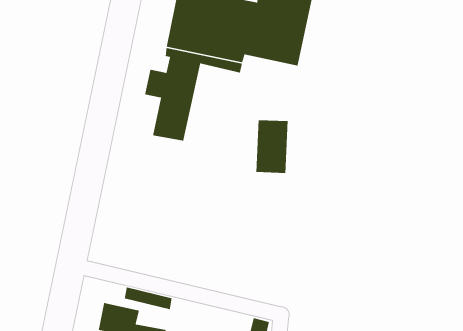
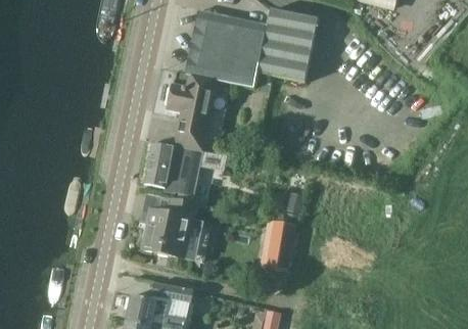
building: [256,119,288,174] -> [264,218,293,267]
building: none -> [145,142,203,196]
building: none -> [141,198,223,260]

